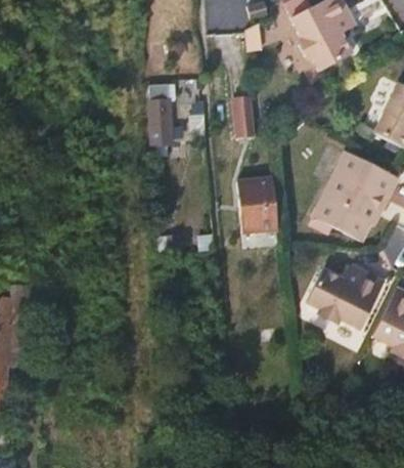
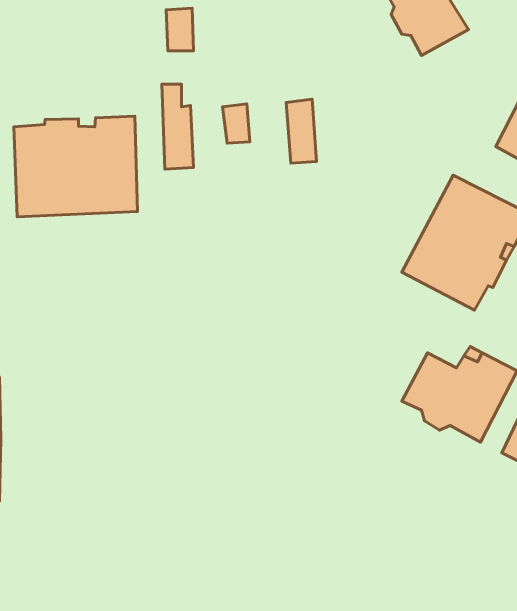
building: none -> [14,116,137,217]
building: [235,180,276,236] -> none

